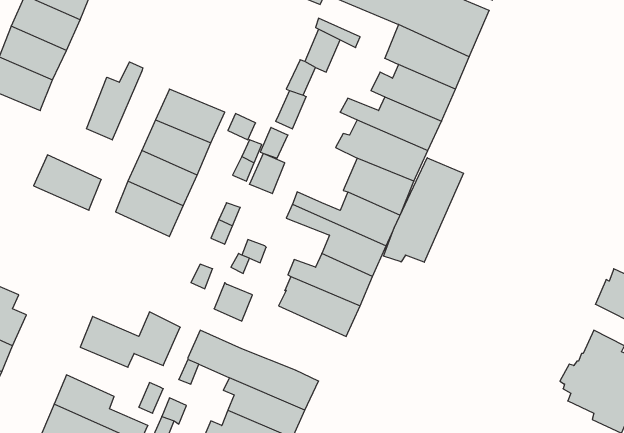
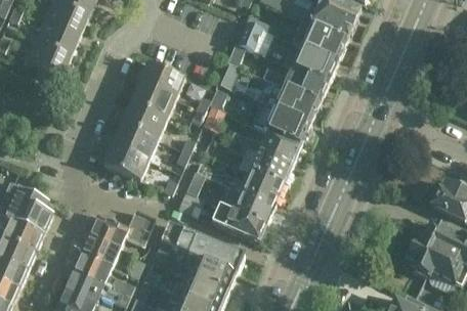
building: [86,62,143,140] -> none
building: [34,155,101,210] -> [102,143,147,180]
building: [383,158,464,262] -> none
building: none -> [211,205,265,242]
building: none -> [79,233,120,266]

